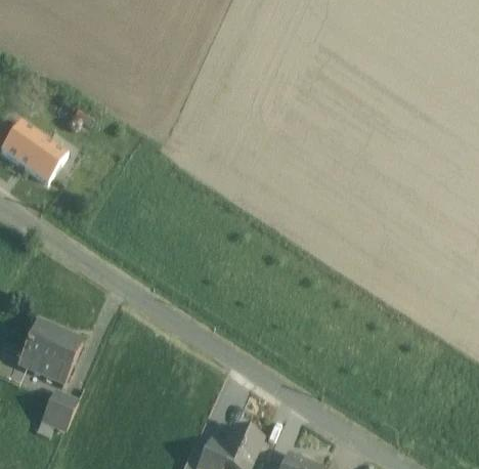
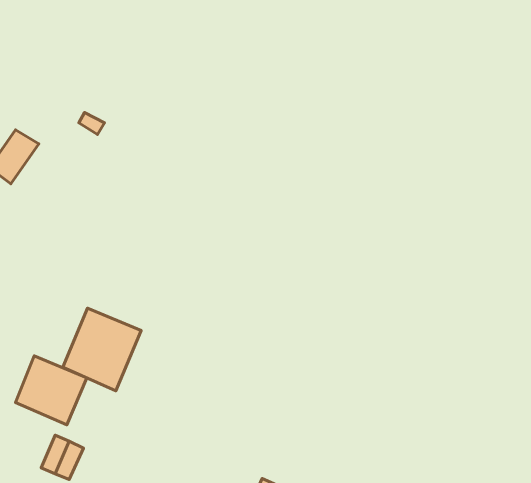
building: [14,132,66,185] -> none
building: none -> [63,308,141,391]

